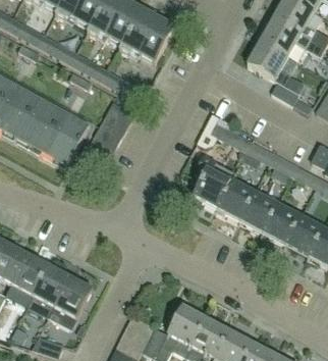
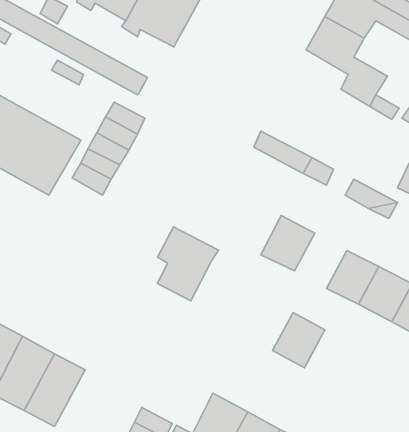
building: [192,155,234,207] -> [157,227,218,301]
building: [238,192,275,230] -> [273,313,325,368]

